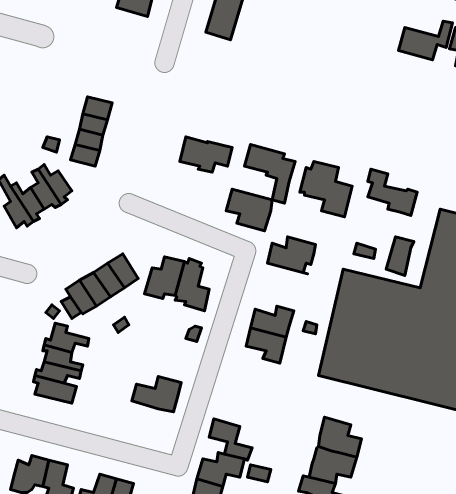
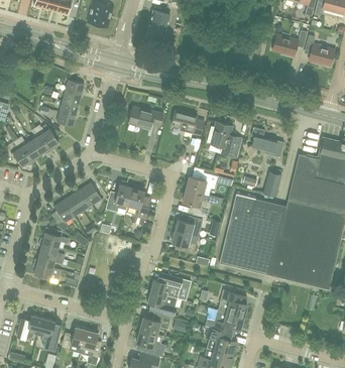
building: [226,189,272,231] -> [182,189,212,216]
building: [132,376,181,412] -> [150,274,183,297]

